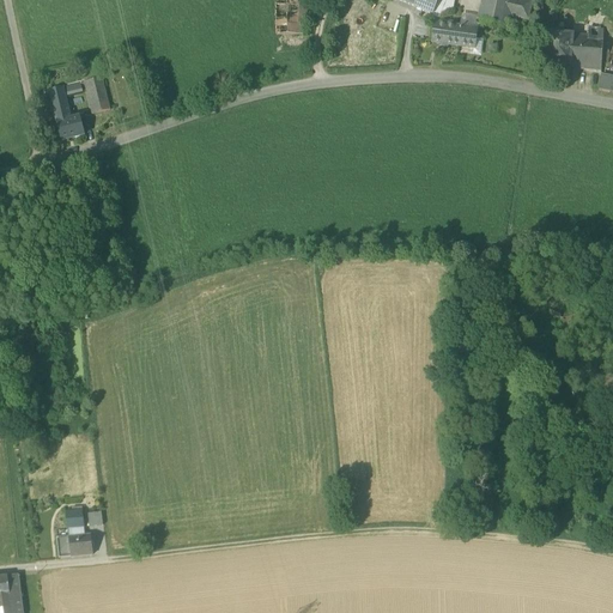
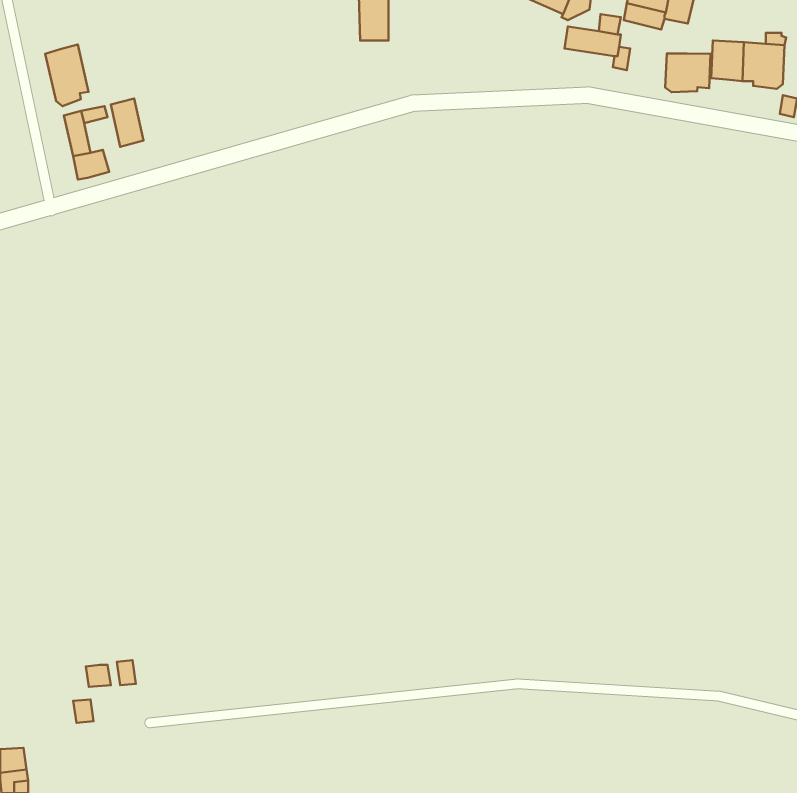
building: none -> [45,44,89,106]
building: none -> [665,53,711,92]
building: [68,526,93,553] -> none

